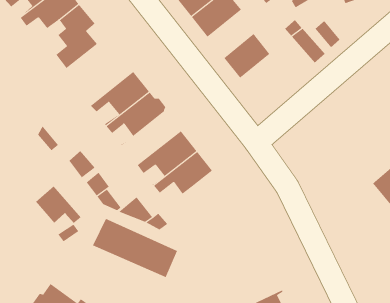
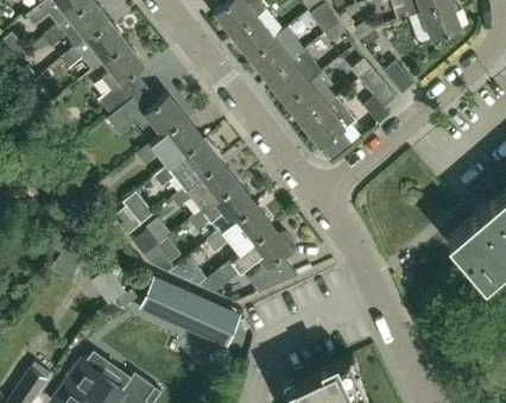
building: none -> [266,50,322,103]
building: none -> [107,88,185,156]
building: none -> [302,97,354,147]
building: none -> [172,162,238,221]
building: none -> [230,227,297,292]
building: [35,185,82,224] -> none

